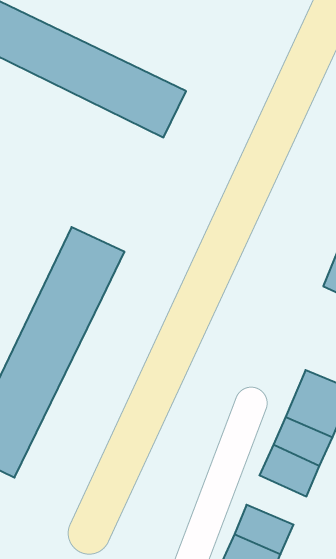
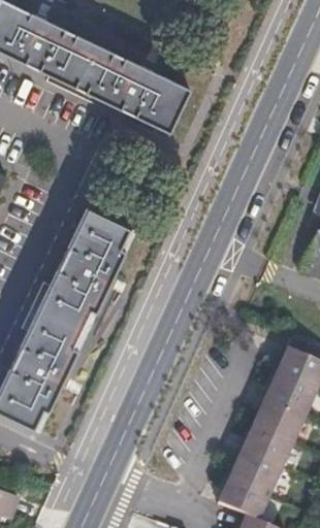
building: none -> [238,427,291,470]

